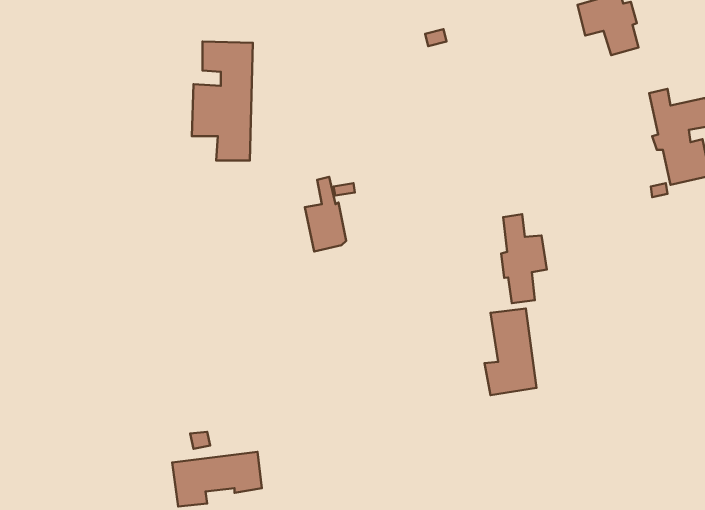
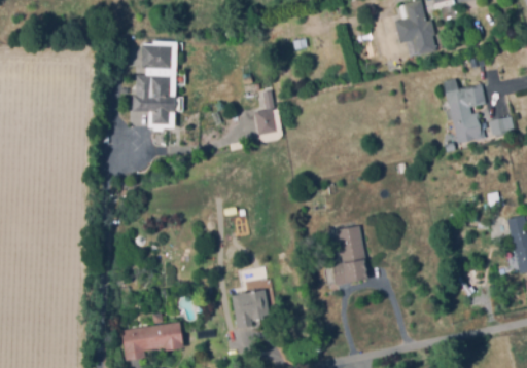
building: [305,177,346,251] -> [254,91,282,142]
building: [501,214,547,303] -> none
building: none -> [231,290,269,327]

